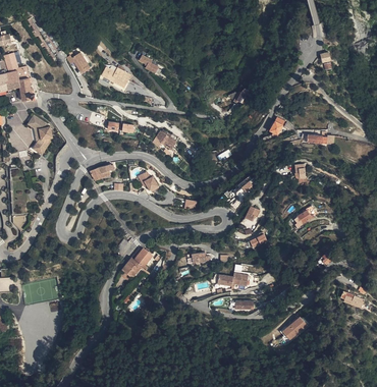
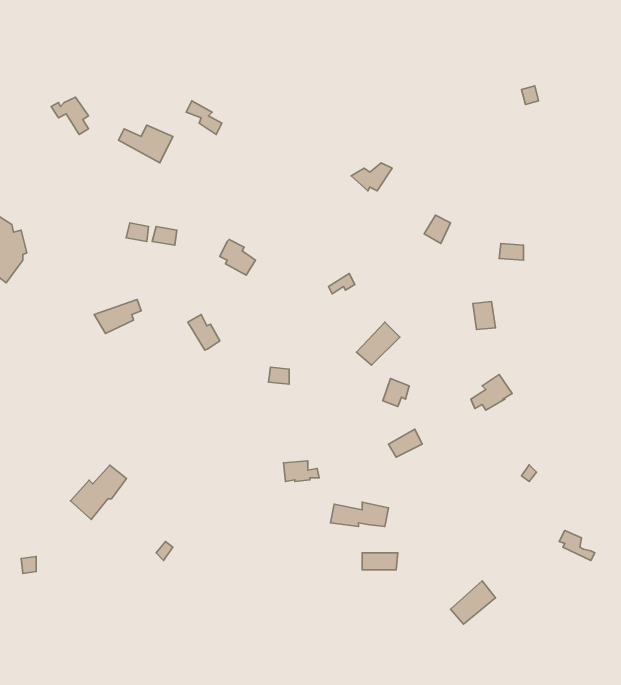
building: [121,246,152,276] -> [70,465,127,520]

